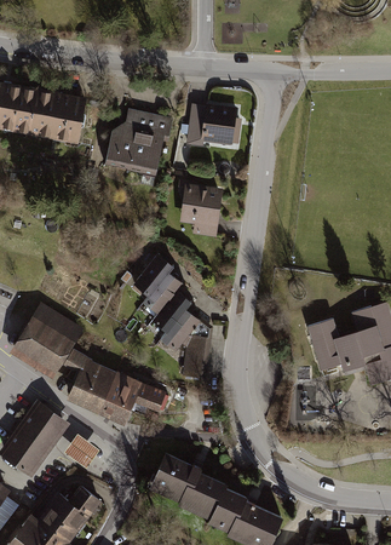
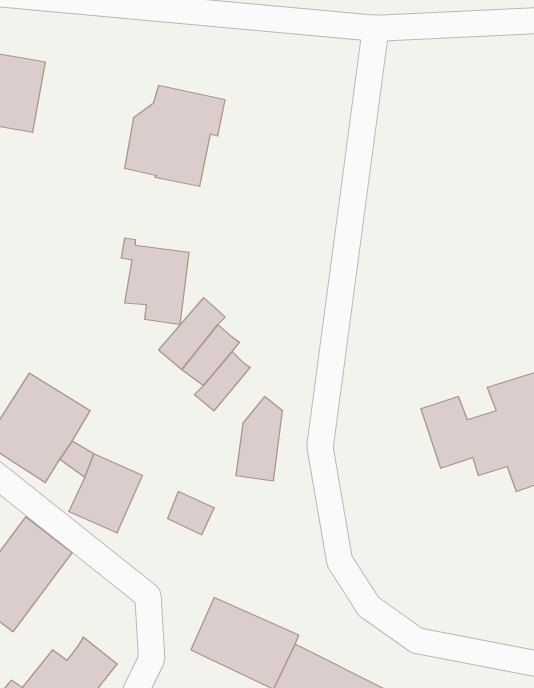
building: [44,93,86,147] -> none
building: [185,103,242,147] -> none
building: [177,179,223,237] -> [121,238,189,324]
building: [160,306,200,348] -> none
building: [100,372,142,420] -> none
building: [63,431,98,465] -> none

